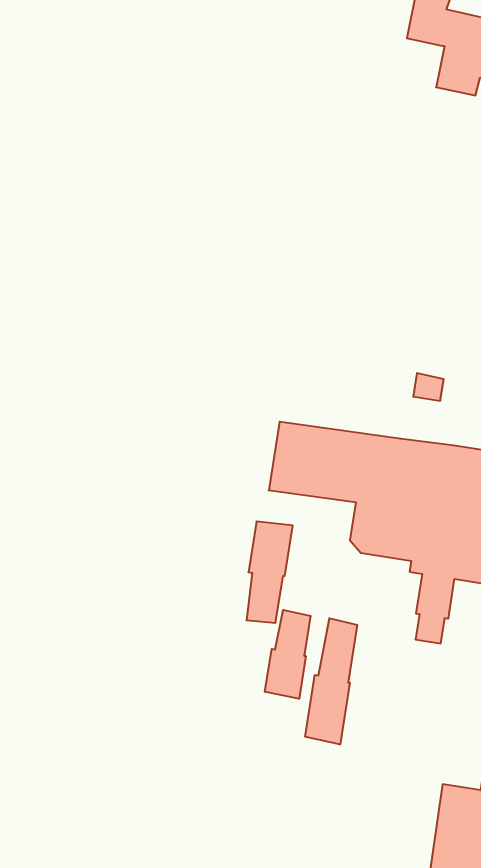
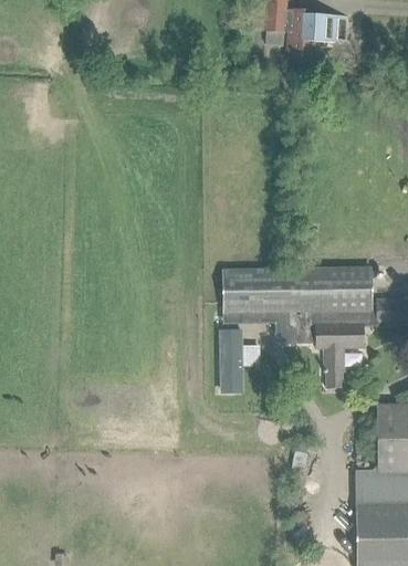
building: [265,610,310,699] -> none
building: [305,618,357,745] -> none

